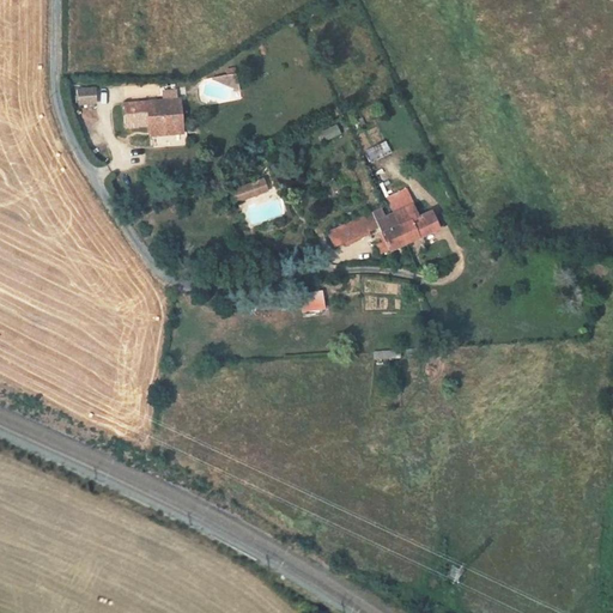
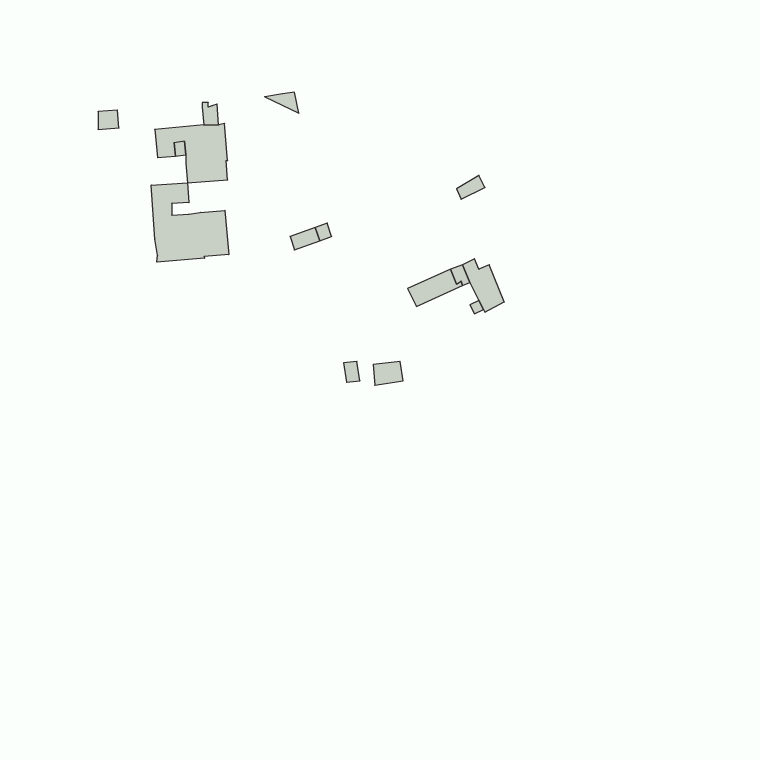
building: none -> [151,183,229,262]
building: [387,189,439,243] -> none

